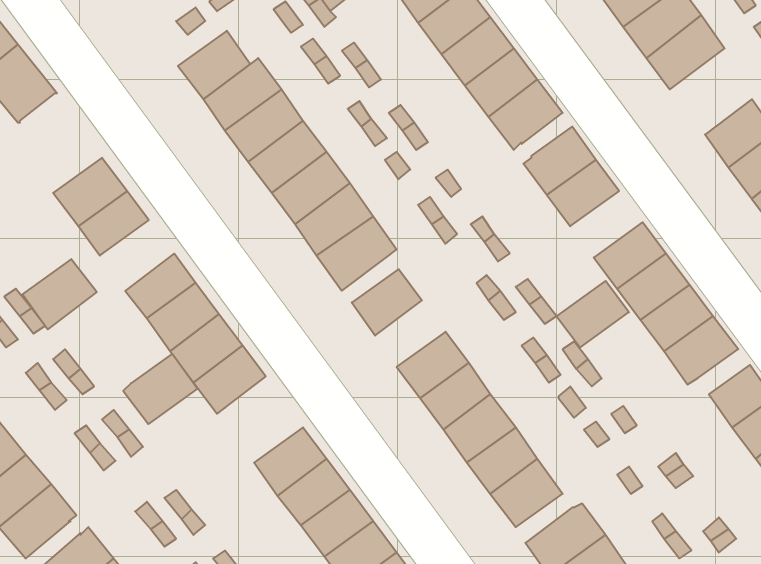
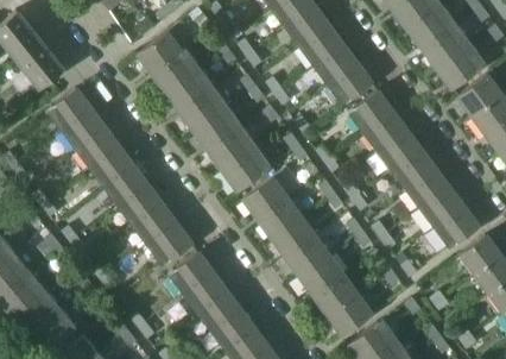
building: none -> [437,43,486,88]
building: none -> [48,88,91,131]
building: [22,259,97,329] -> [90,147,135,190]
building: [557,281,629,347] -> [377,130,420,170]
building: none -> [258,196,301,237]
building: [123,354,197,424] -> [169,252,214,295]

